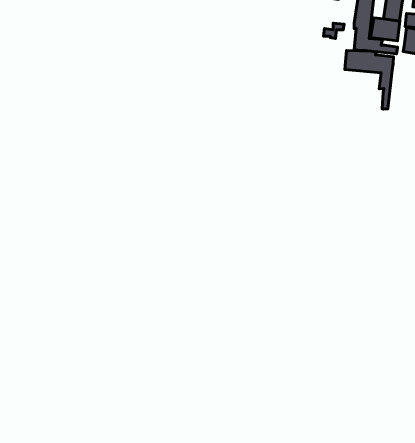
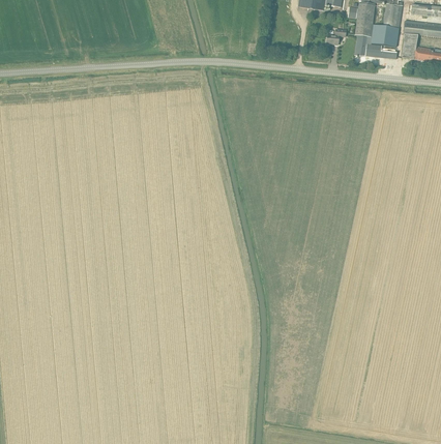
building: [345,50,394,109] -> none

